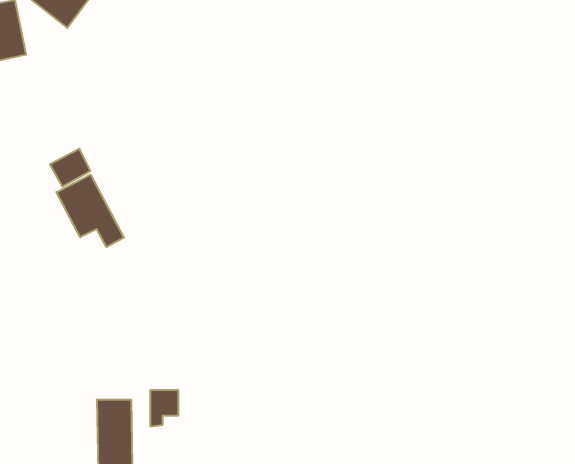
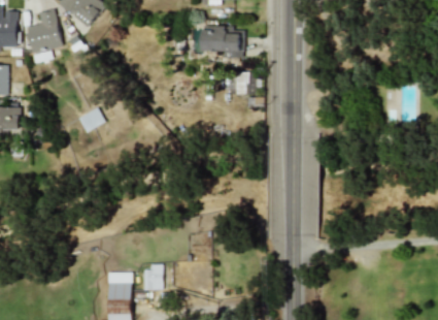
building: none -> [203,26,244,52]
building: none -> [235,72,255,94]
building: [56,175,124,247] -> none

